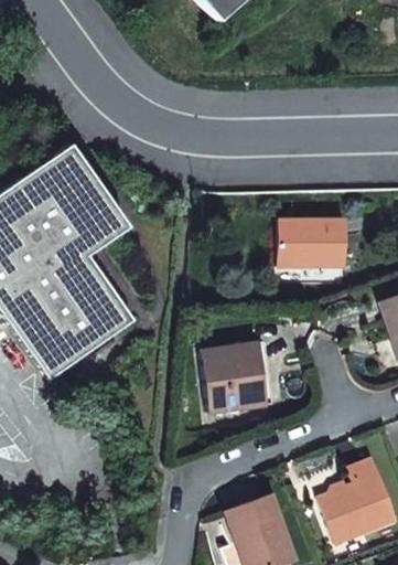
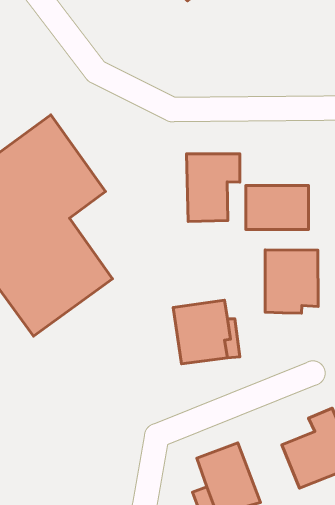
building: none -> [186,154,240,222]
building: none -> [265,250,318,313]

